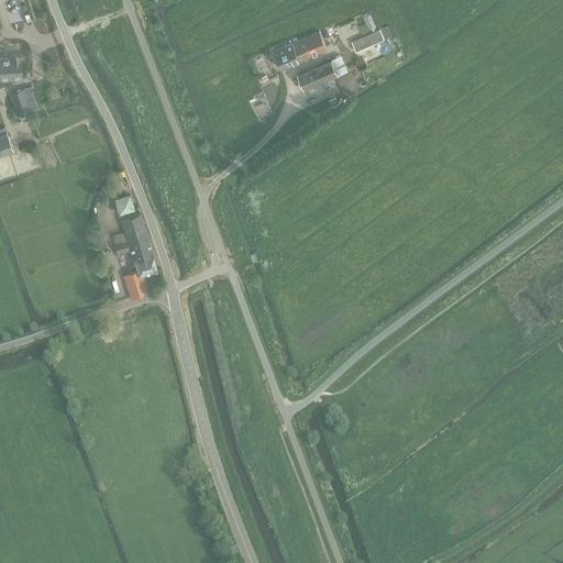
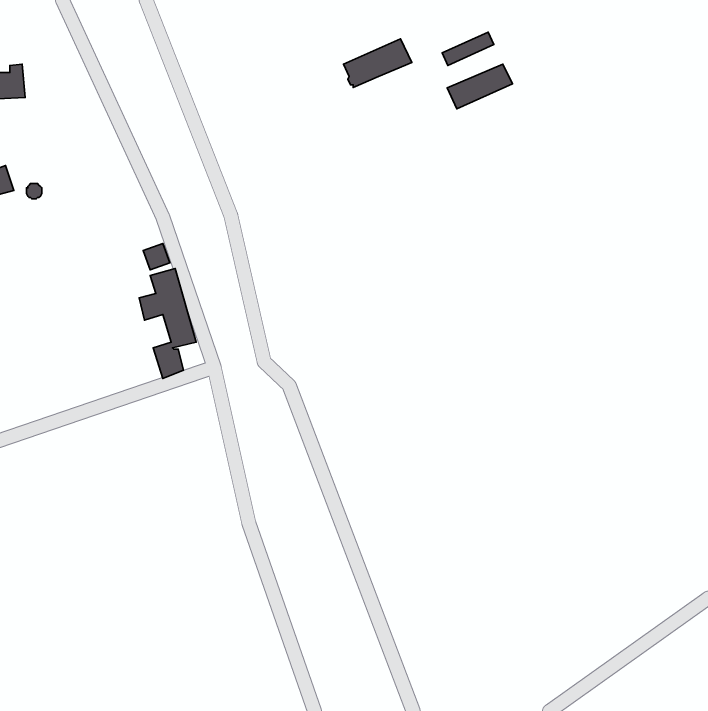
building: [295,55,346,90] -> [447,64,512,109]
building: [8,87,33,114] -> none

